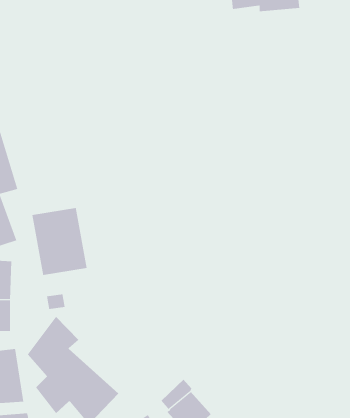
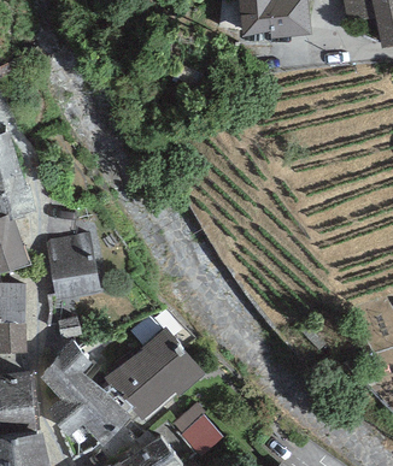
building: none -> [104,328,204,420]

